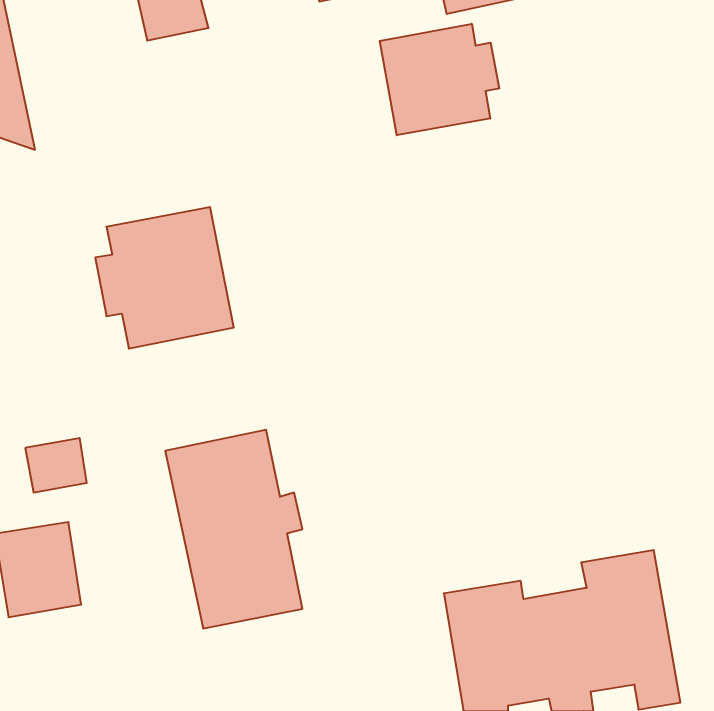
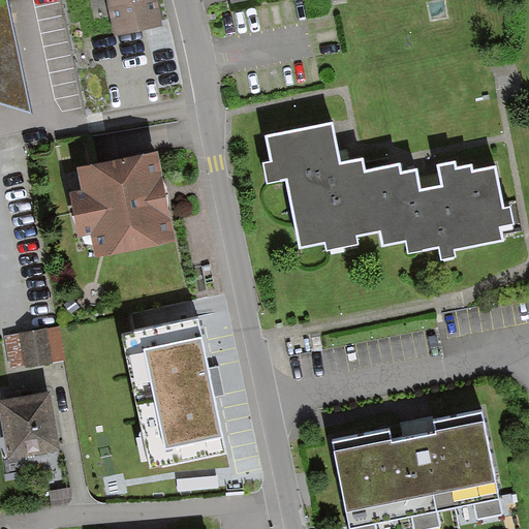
building: [380,24,499,135] -> none
building: none -> [266,124,510,264]

